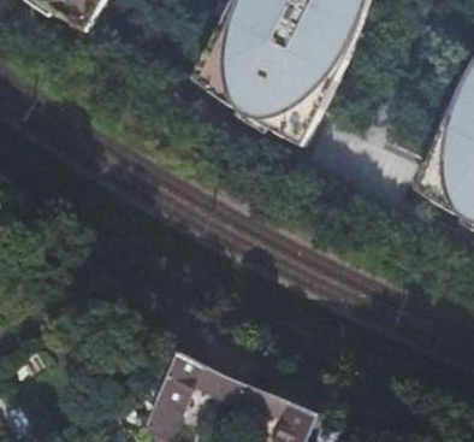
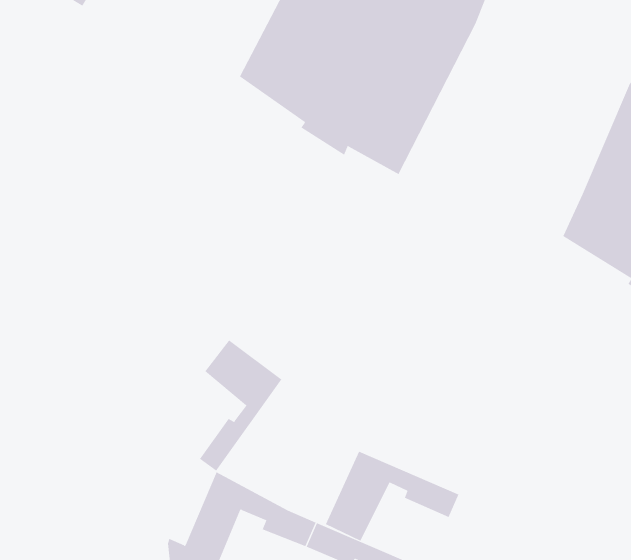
building: none -> [199,340,282,472]
building: none -> [325,451,459,541]

